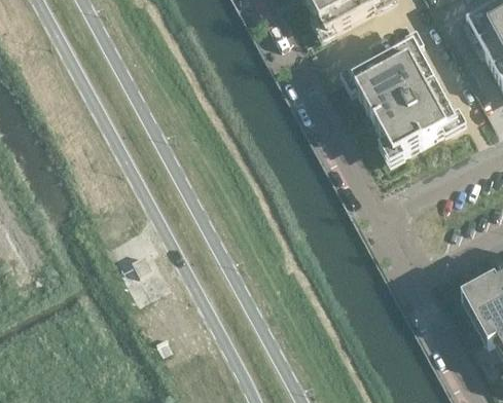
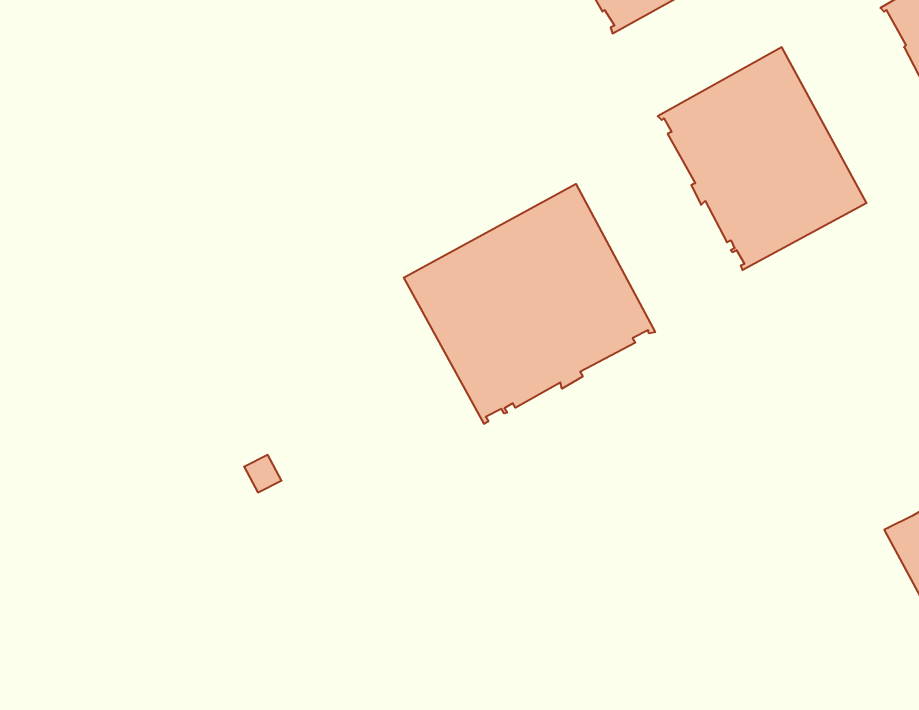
building: none -> [404,184,655,424]

